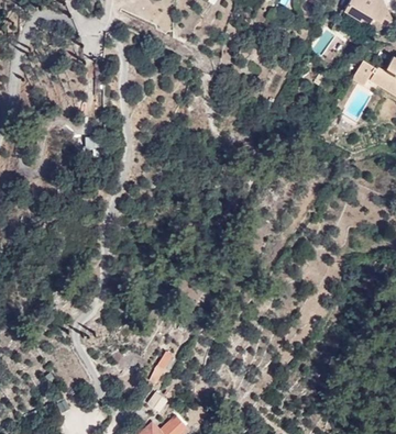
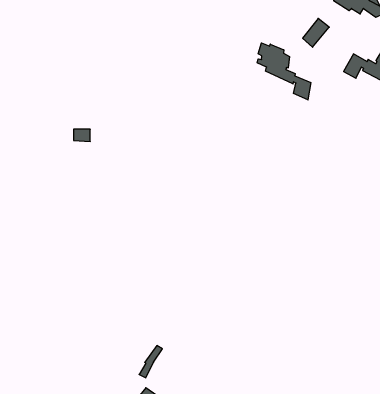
building: none -> [257,43,311,100]

